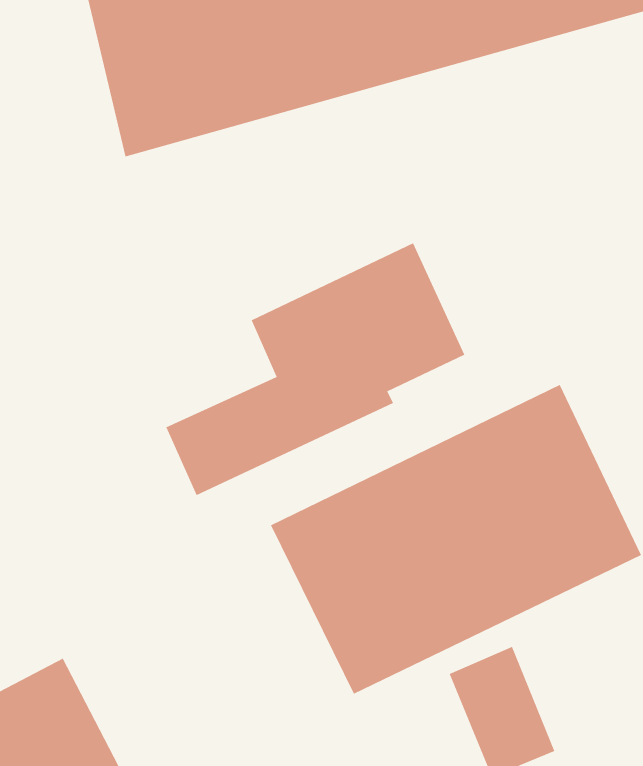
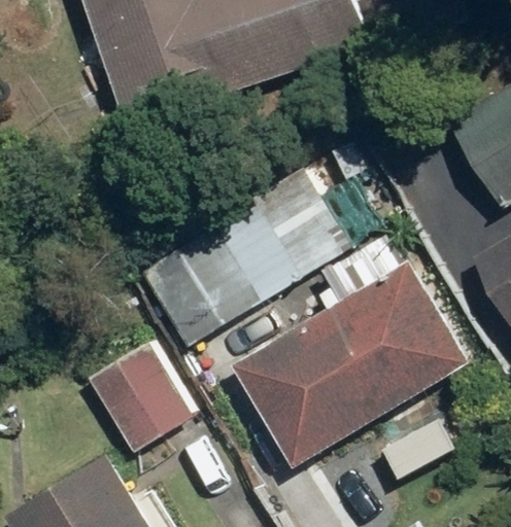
building: none -> [80,331,191,451]

